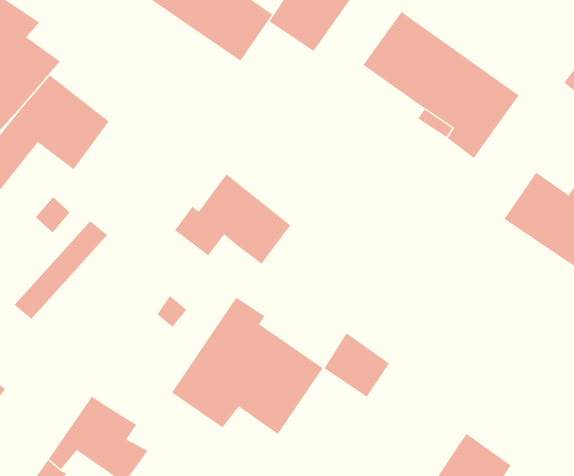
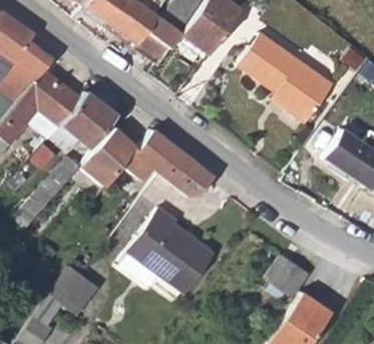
building: none -> [50,90,117,152]
building: none -> [79,128,136,187]
building: none -> [175,161,214,197]
building: [323,333,390,397] -> [268,256,309,296]

